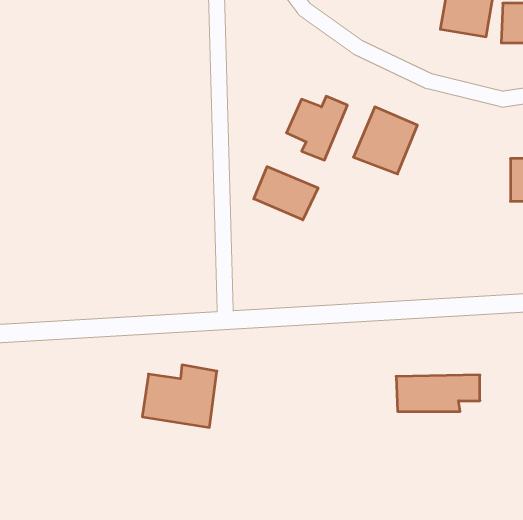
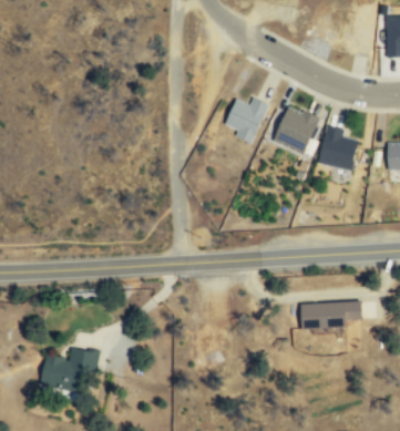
building: none -> [319,125,358,171]
building: [254,167,318,220] -> none
building: [142,365,217,427] -> [43,347,98,392]

